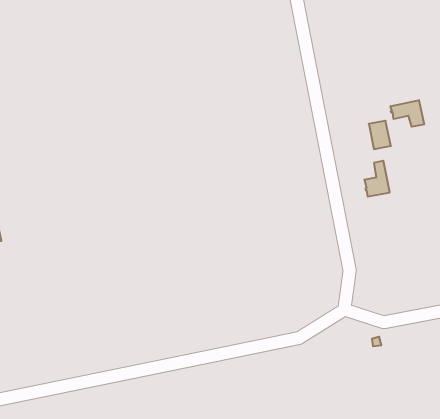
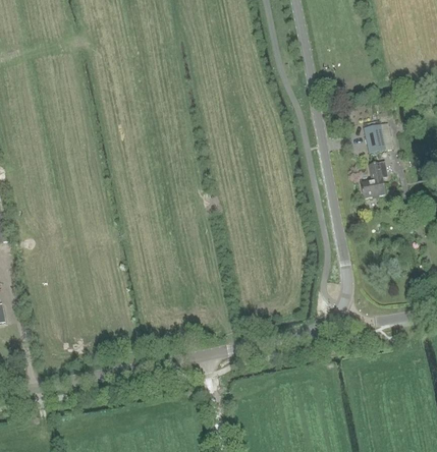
building: [391,100,424,127] -> none

